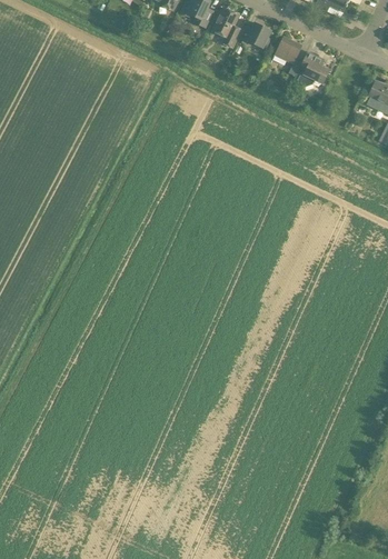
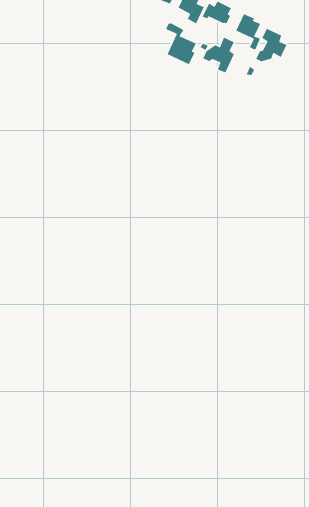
building: none -> [165,22,197,65]
building: none -> [202,37,235,74]

